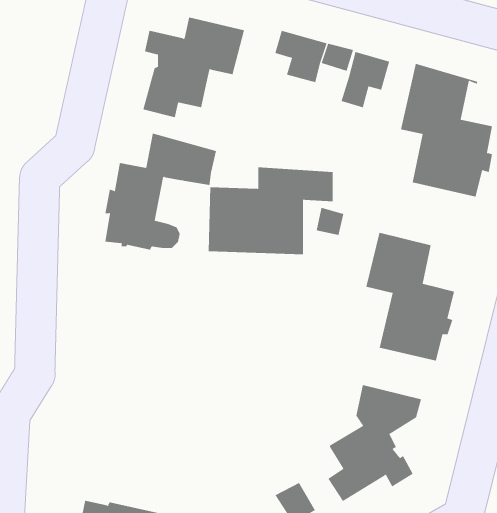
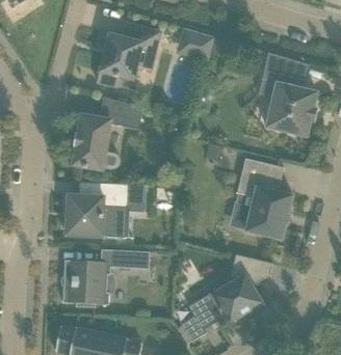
building: [341,51,390,108] -> none
building: [208,167,334,255] -> [65,182,145,237]
building: none -> [62,249,149,306]

